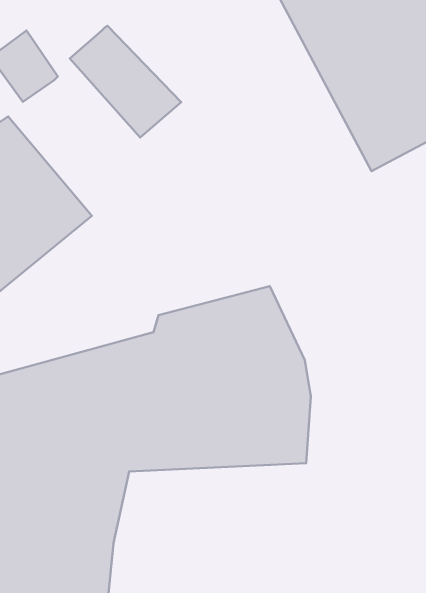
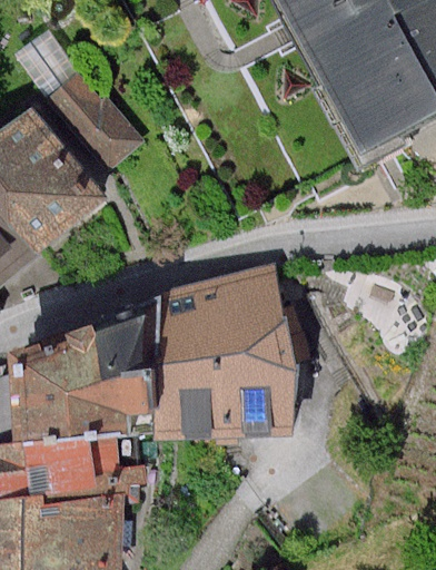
building: [70,26,181,137] -> [42,70,145,173]

